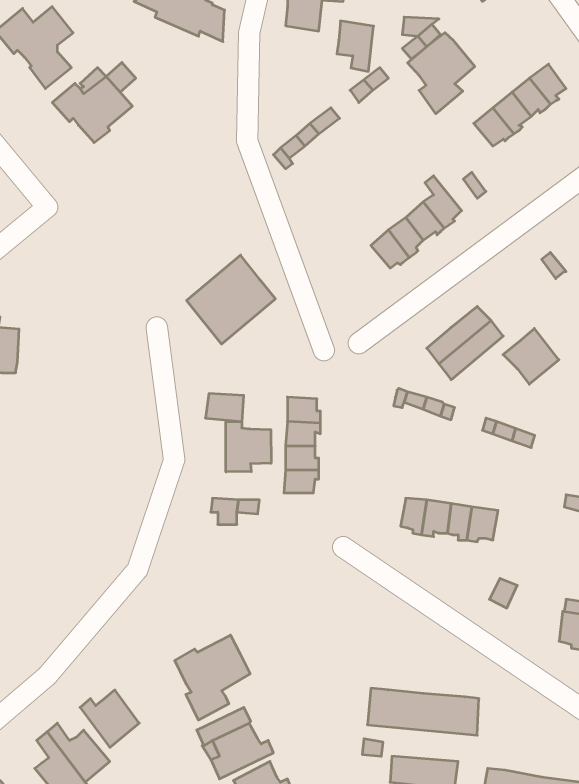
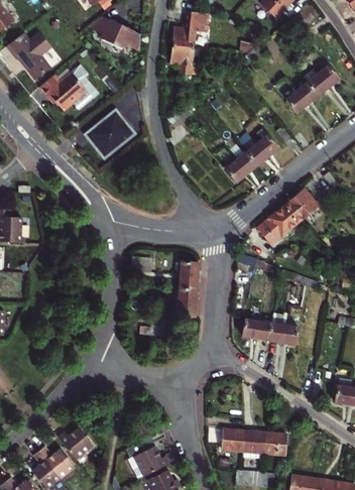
building: [337,21,374,71] -> [174,43,196,73]
building: [408,33,475,114] -> none
building: [187,255,275,344] -> [85,109,136,160]
building: [503,328,559,384] -> [287,191,320,223]
building: [226,421,271,472] -> none
building: [175,635,250,720] -> none

